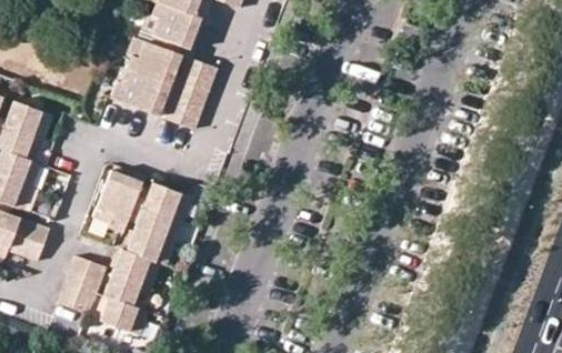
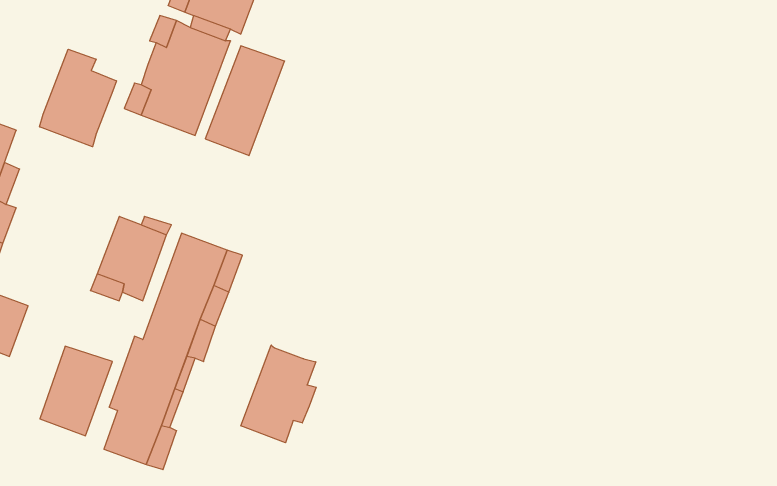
building: none -> [40,49,116,147]
building: none -> [241,345,316,443]

